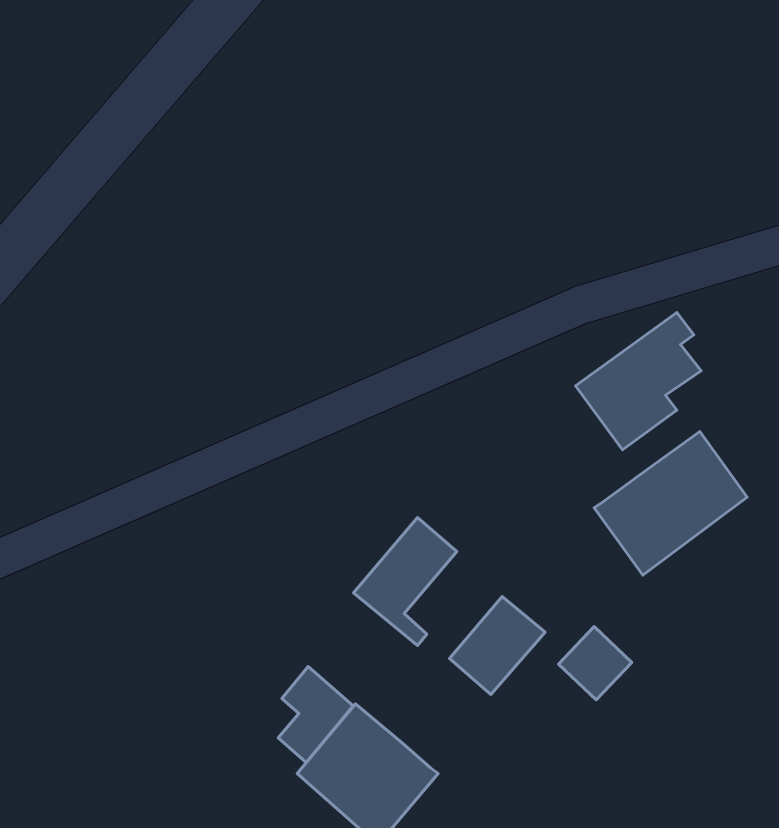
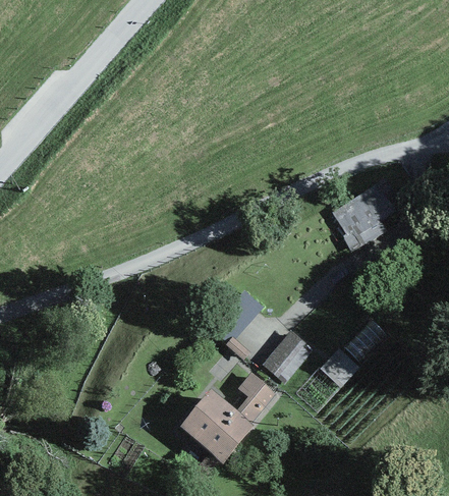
building: [594,431,747,575] -> none
building: [278,666,353,762] -> [236,371,277,423]

